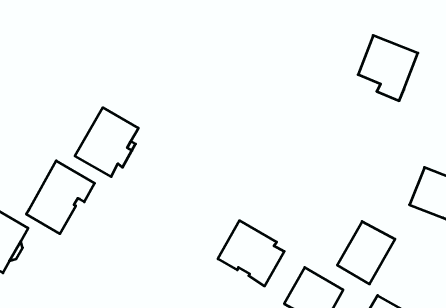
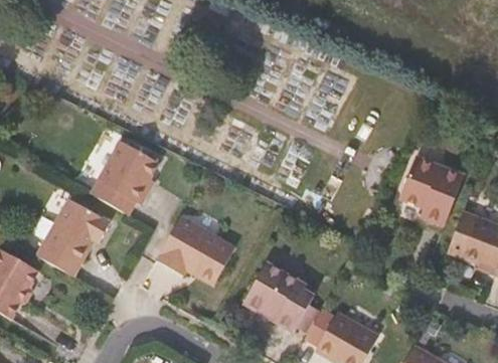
building: [358,35,418,101] -> [398,156,463,226]
building: none -> [155,216,234,286]
building: [337,221,395,284] -> none

